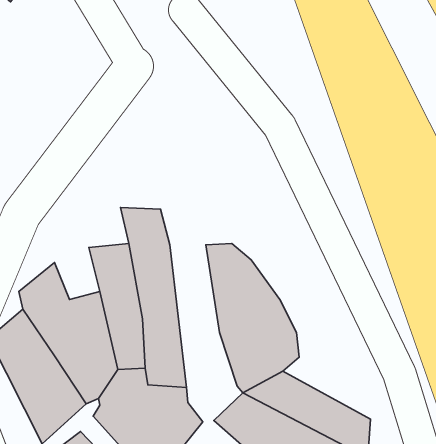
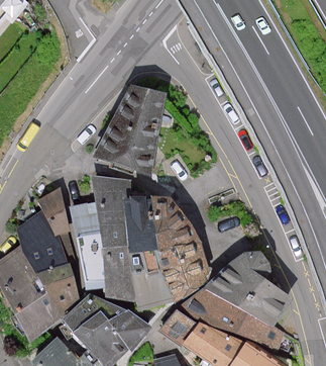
building: none -> [93,84,165,179]
building: none -> [36,184,75,240]
building: none -> [126,199,176,315]
building: none -> [209,262,289,328]

